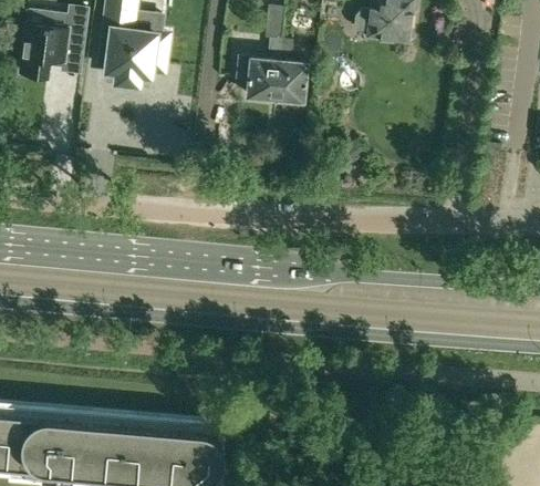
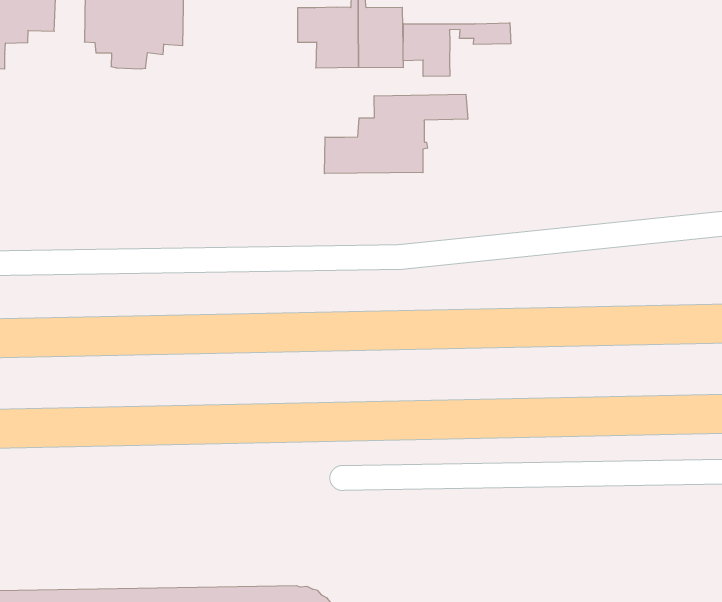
building: none -> [403,23,511,76]
building: none -> [325,94,468,174]

